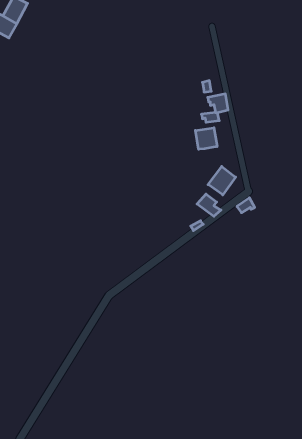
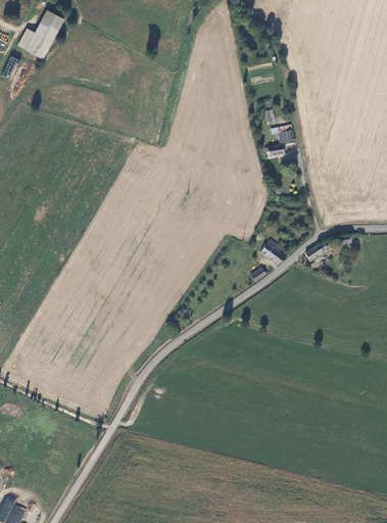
building: [195,128,217,149] -> none
building: [208,166,236,195] -> none

